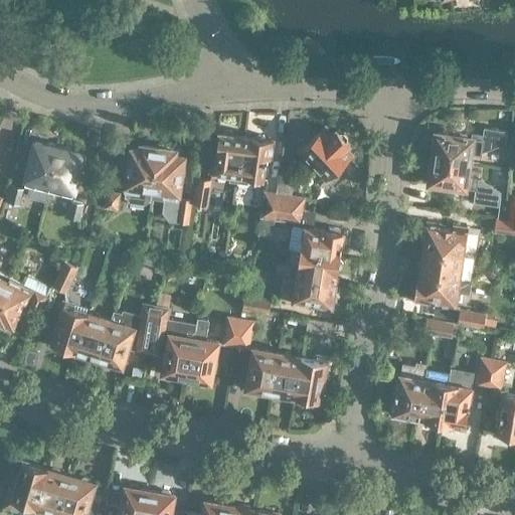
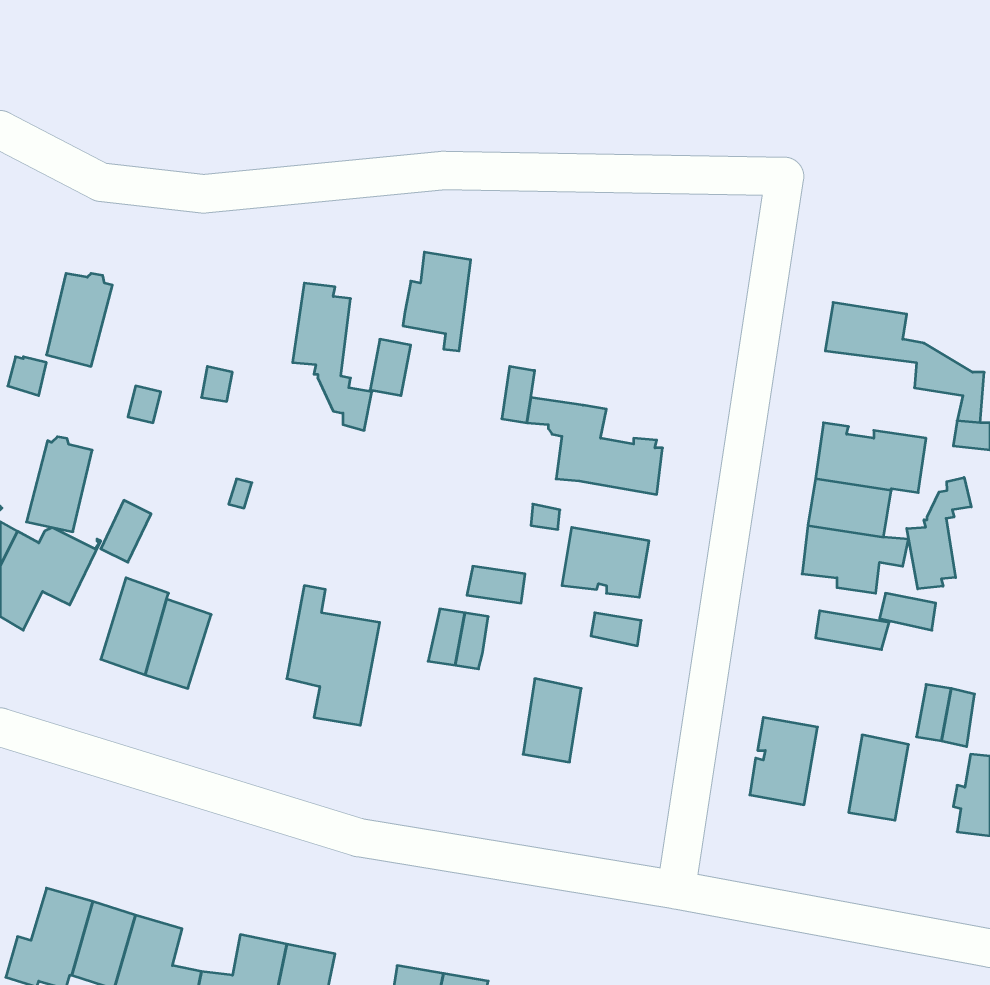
building: [299,128,353,183] -> none
building: [433,131,506,166] -> none
building: [238,138,275,186] -> none
building: [124,148,158,206] -> none
building: [47,149,81,198] -> [26,437,92,532]
building: [276,183,305,213] -> none
building: none -> [907,477,971,589]
building: [297,252,341,284] -> none
building: [98,312,142,368] -> none
building: [187,320,218,384] -> none
building: [246,351,278,394] -> none
building: [296,358,328,403] -> none
building: [417,380,448,424] -> none

